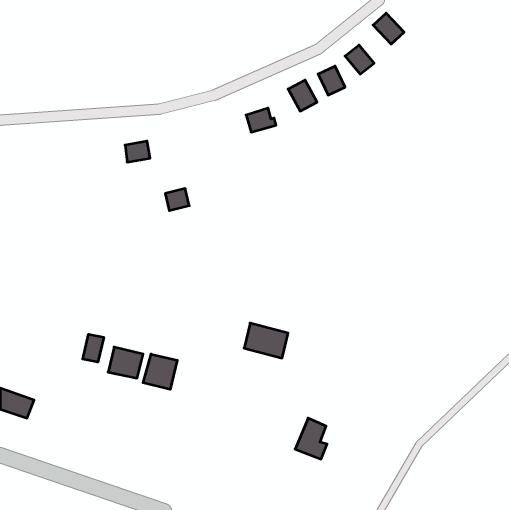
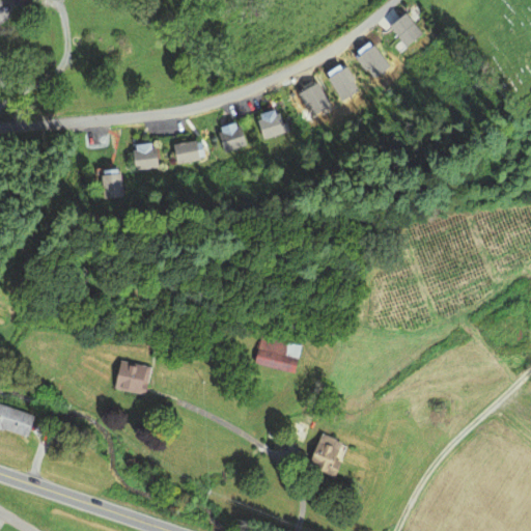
building: none -> [219,127,247,151]
building: none -> [100,174,120,199]
building: [165,189,189,211] -> [174,140,199,163]
building: [83,334,104,362] -> none
building: [143,354,177,389] -> none

